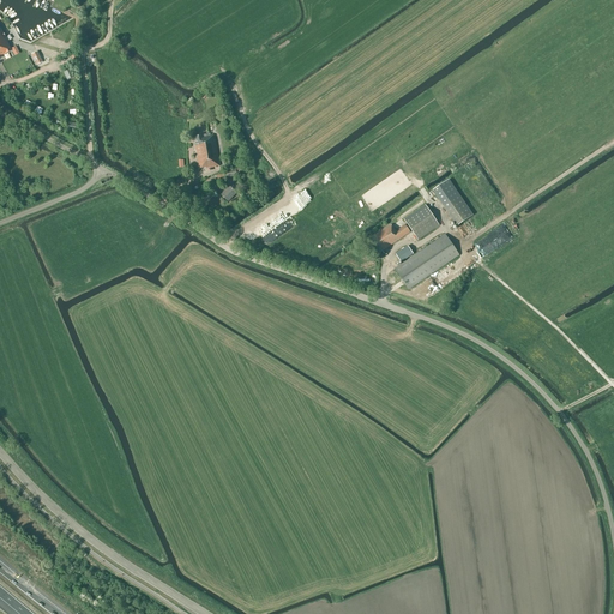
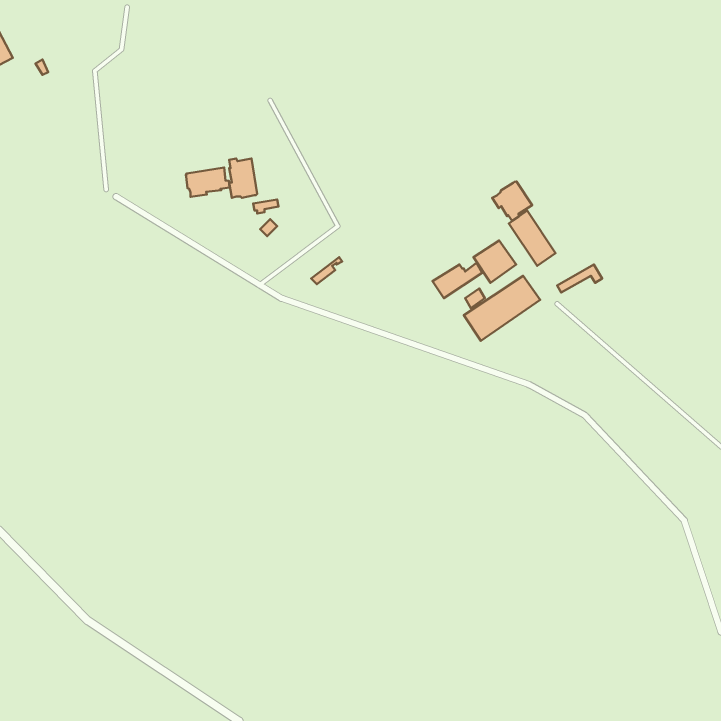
building: none -> [186,168,230,197]
building: none -> [492,182,532,221]

